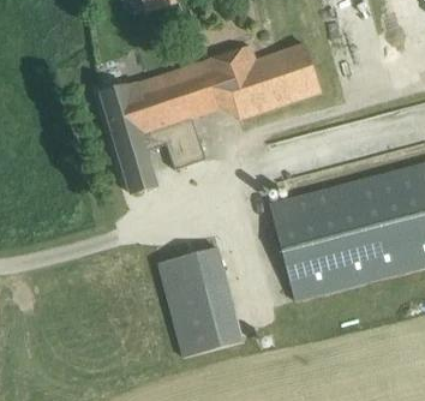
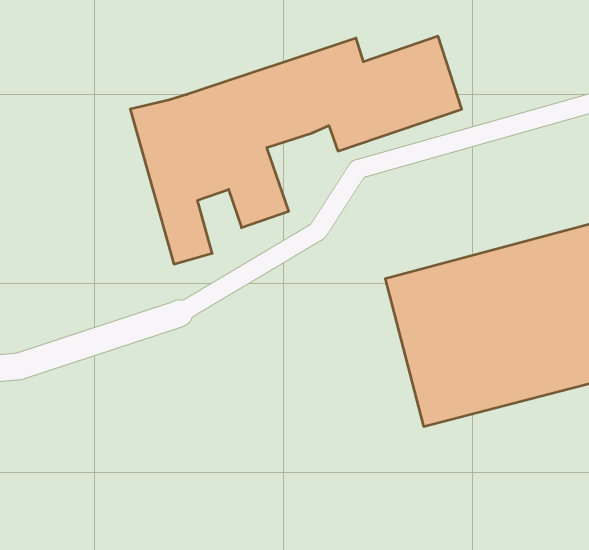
building: [158,246,241,357] -> none

